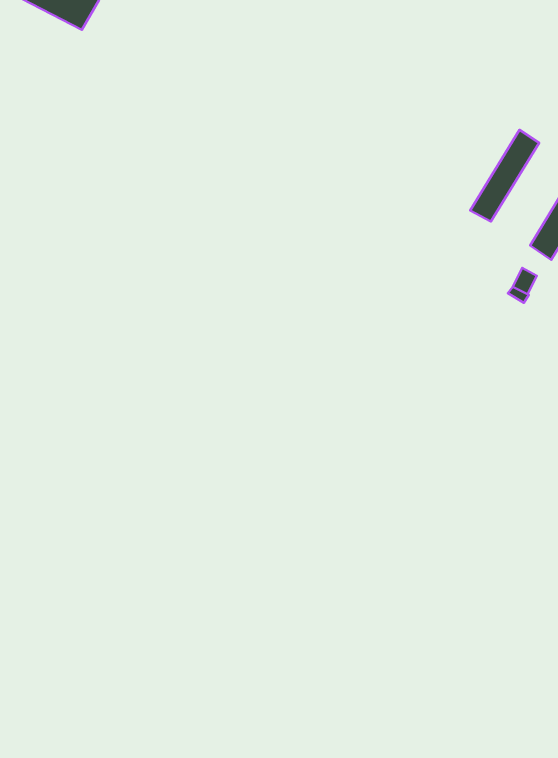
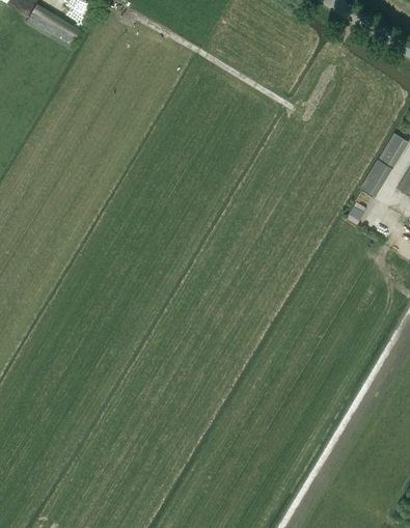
building: [470,130,539,221] -> none

